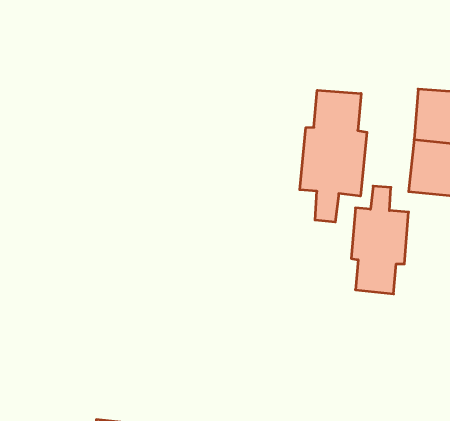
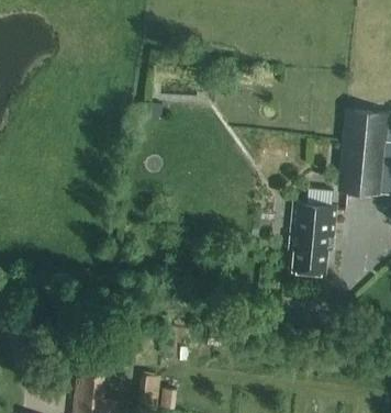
building: [300,90,367,222] -> none

